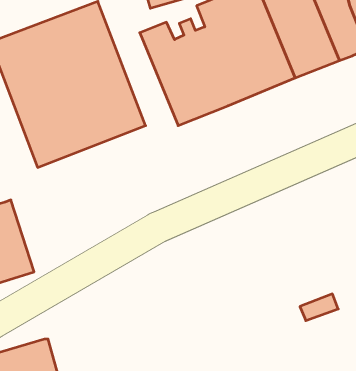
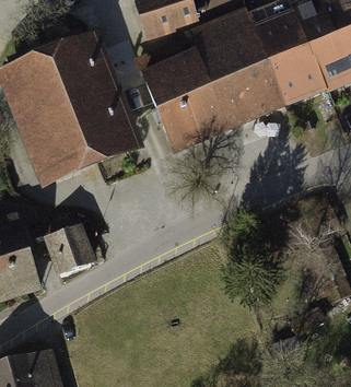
building: none -> [44,216,95,275]

